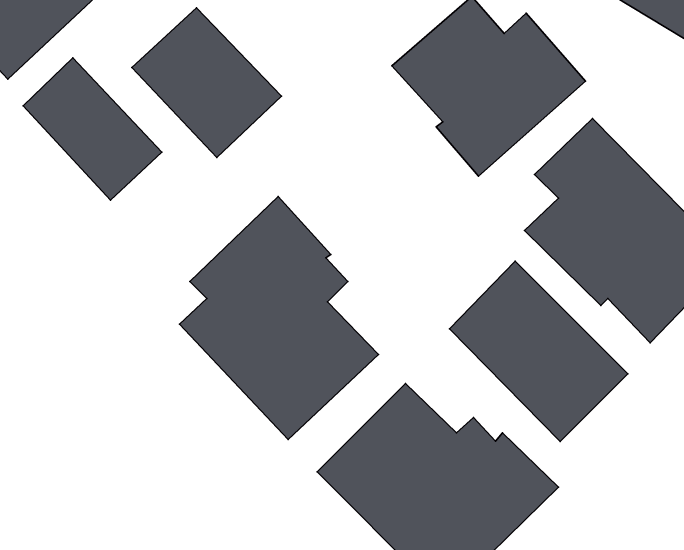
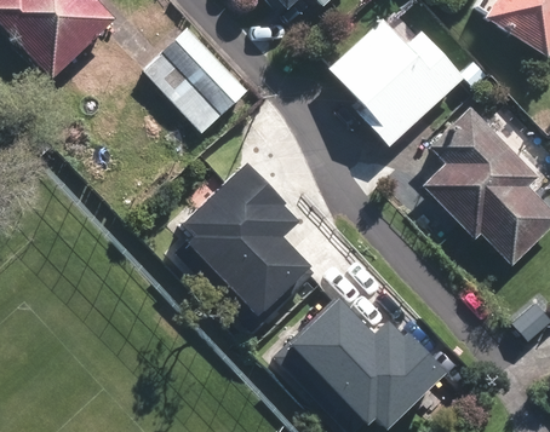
building: [23,58,162,200] -> none
building: [449,261,628,441] -> none

